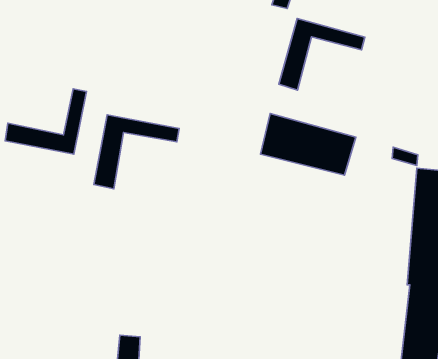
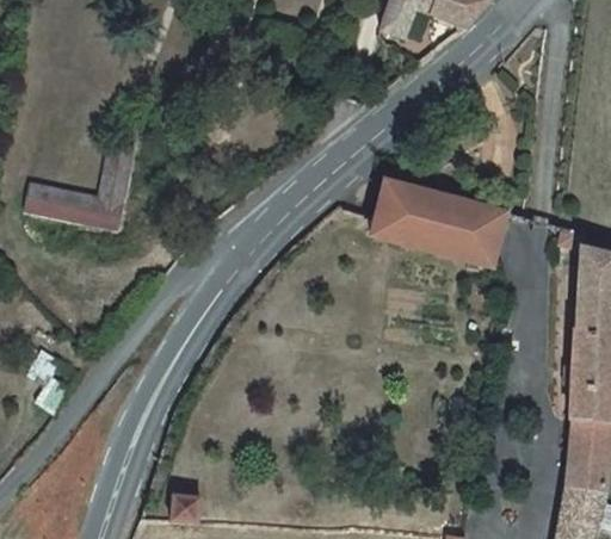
building: [279,19,365,90] -> none
building: [94,115,179,189] -> none

